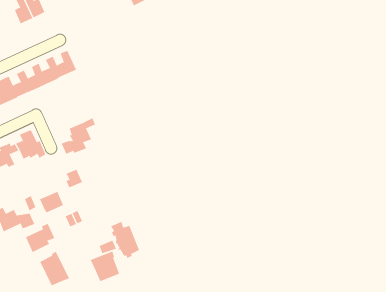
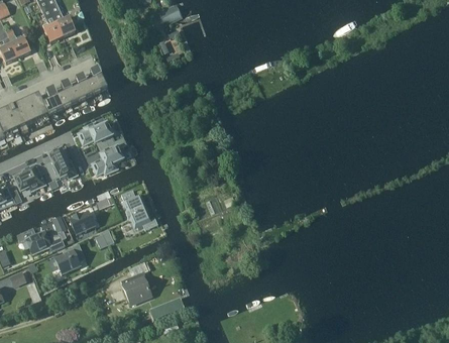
building: none -> [78,122,114,148]
building: [110,221,140,259] -> [121,190,151,228]
building: [40,251,70,286] -> none

